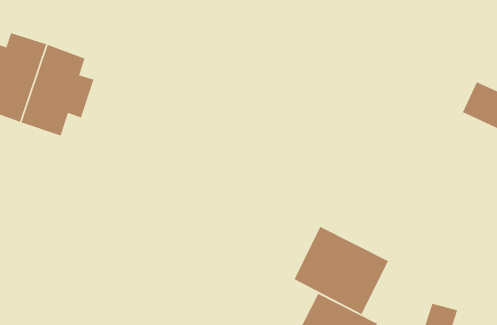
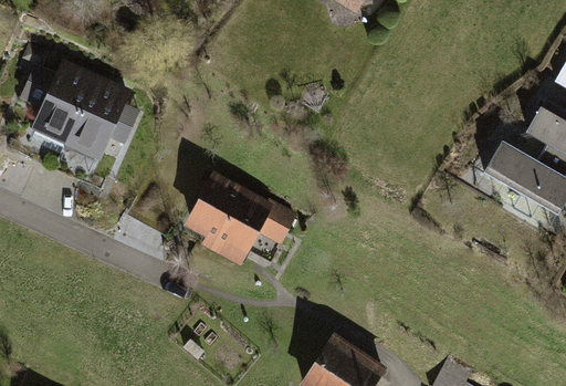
building: none -> [187,176,295,268]
building: [294,226,389,315] -> none

